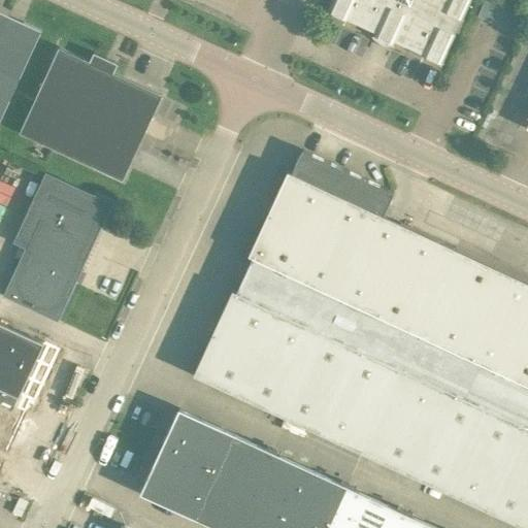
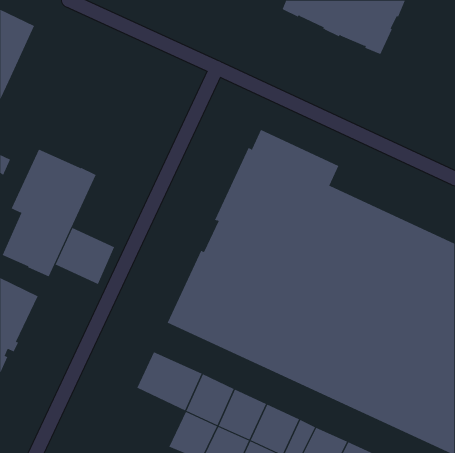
building: [18,50,161,183] -> none
building: none -> [55,227,115,285]
building: [138,452,214,520] -> none

